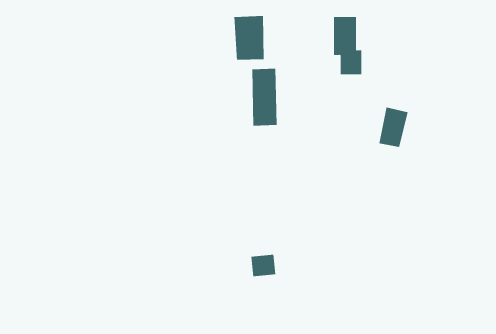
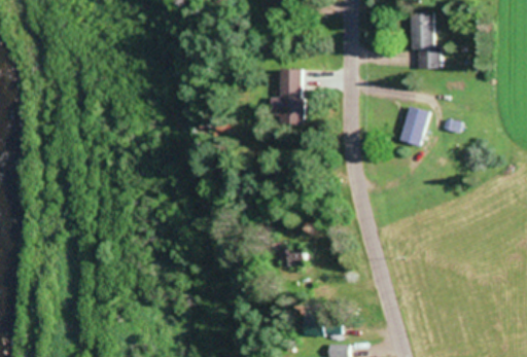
building: [234,15,264,60] -> none
building: [333,17,362,75] -> [413,13,441,69]

